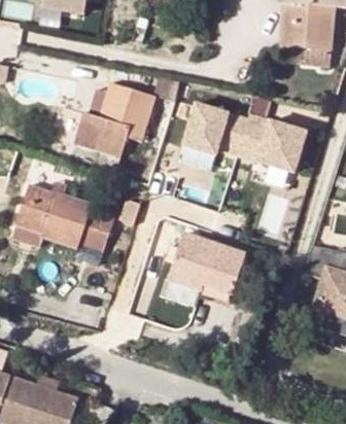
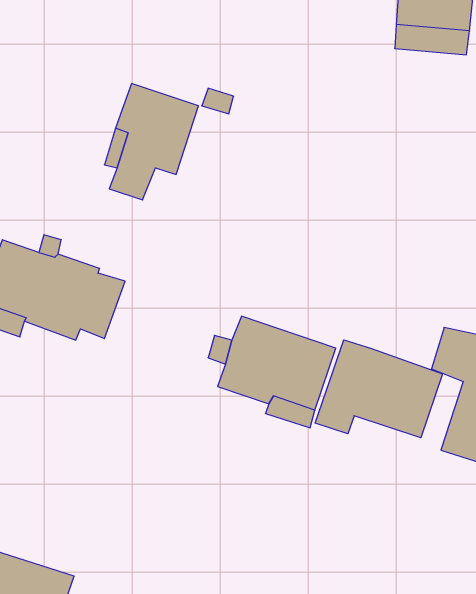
building: [182,104,306,169] -> none
building: none -> [315,340,442,438]

